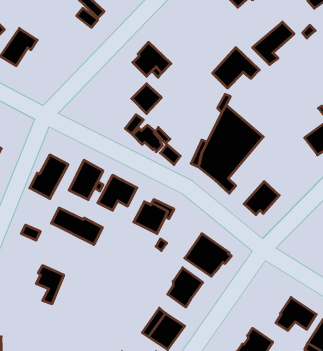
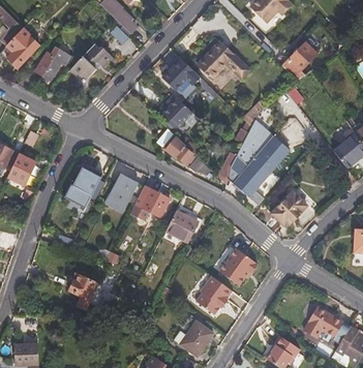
building: none -> [69,42,111,76]
building: [213,48,259,88] -> [199,39,244,79]
building: [51,208,102,245] -> none

